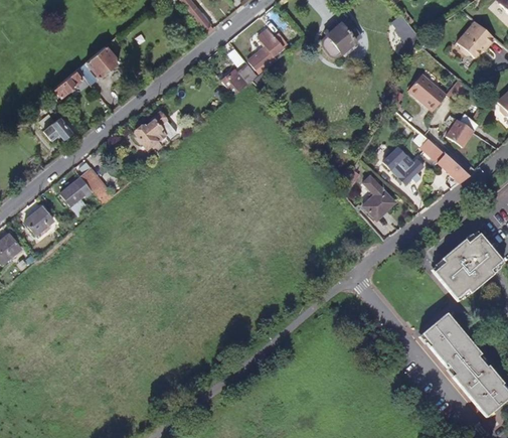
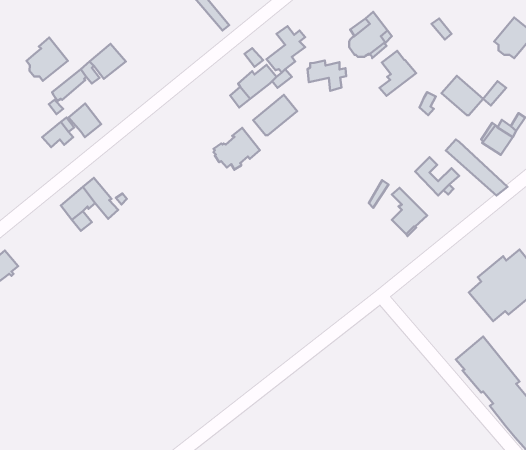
building: none -> [26,37,68,81]
building: none -> [380,51,416,96]
building: none -> [307,60,346,91]
building: none -> [253,95,297,135]
building: none -> [69,104,101,137]
building: [135,112,177,150] -> [214,128,260,170]
building: [25,206,53,235] -> none

